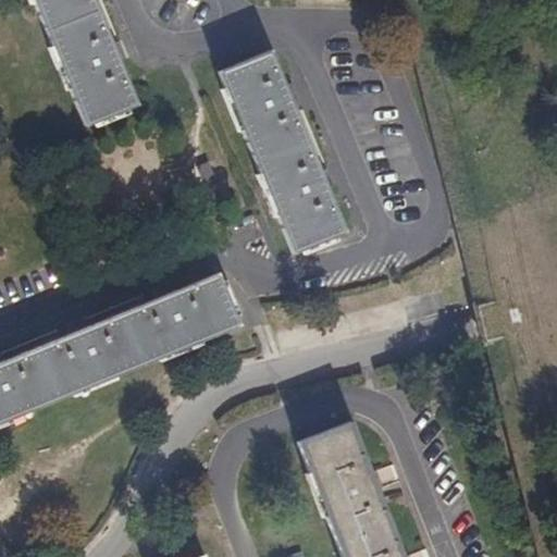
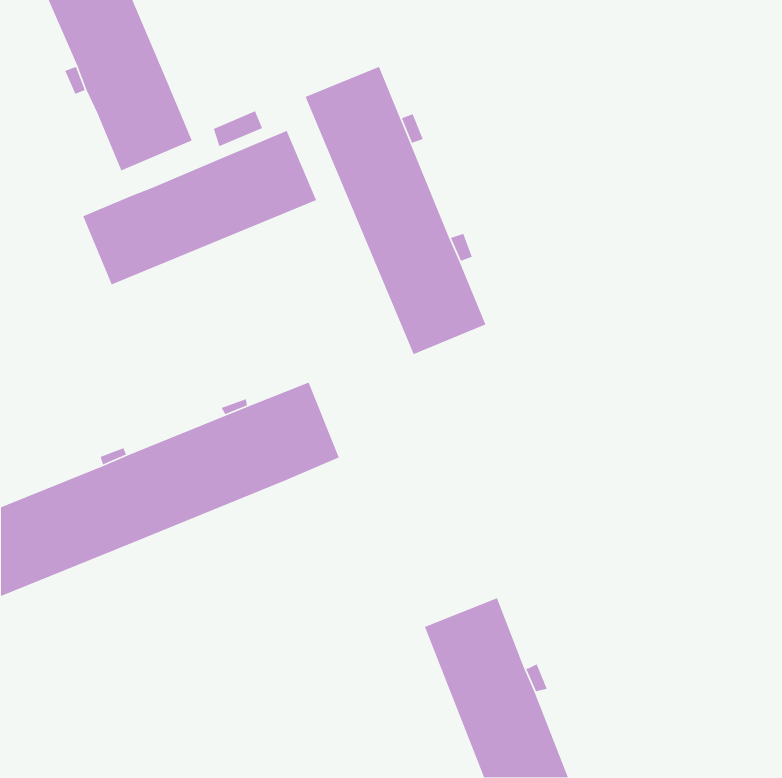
building: none -> [82,130,317,285]

